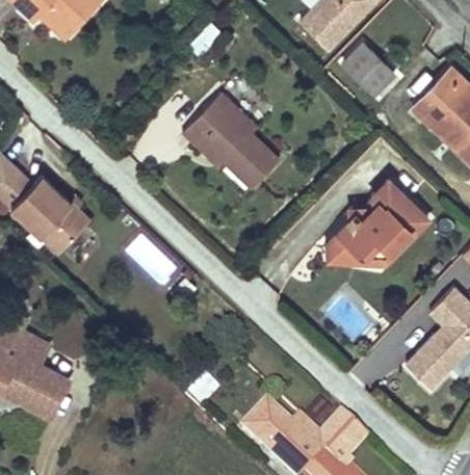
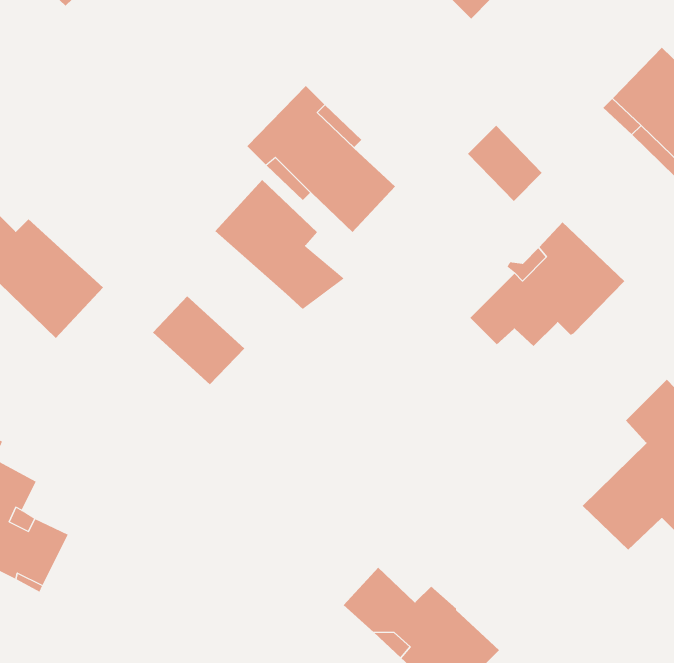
building: [344,43,393,93] -> [467,125,543,202]
building: none -> [214,179,345,310]
building: [319,410,369,458] -> none

